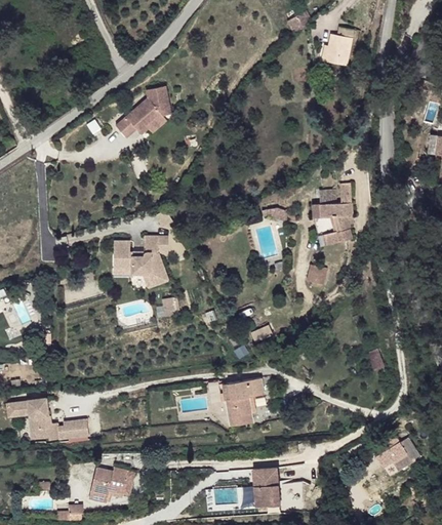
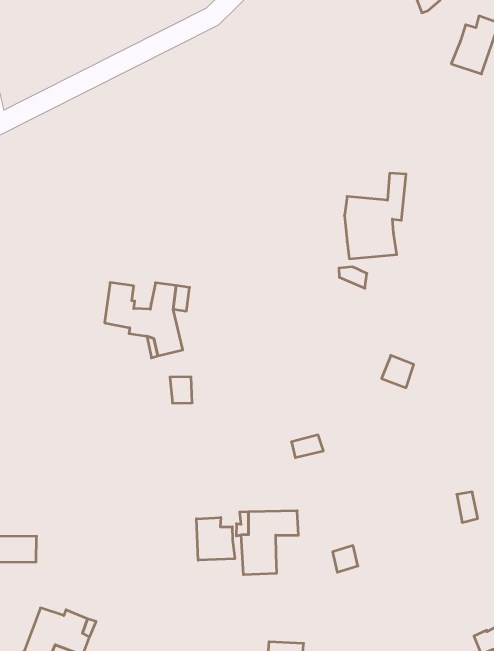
building: [115,86,170,138] -> none
building: [313,184,352,246] -> [344,173,406,259]
building: none -> [196,517,235,560]

